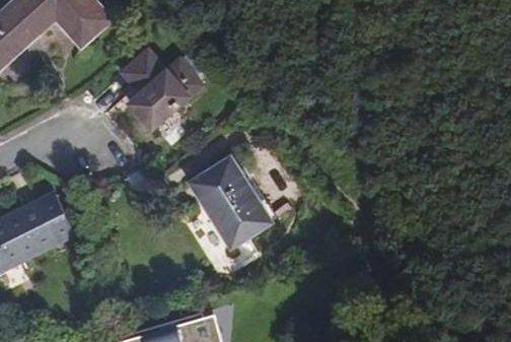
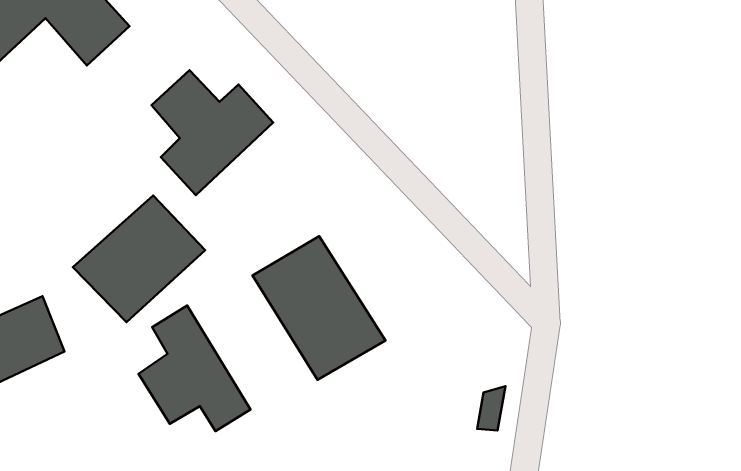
building: none -> [73,195,205,322]
building: none -> [139,305,251,431]

